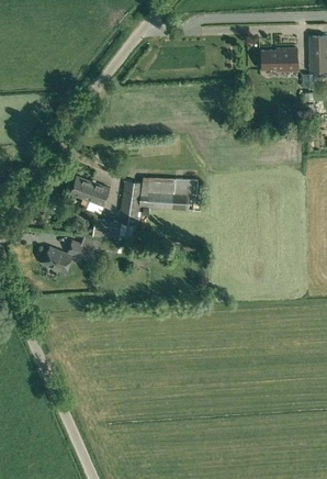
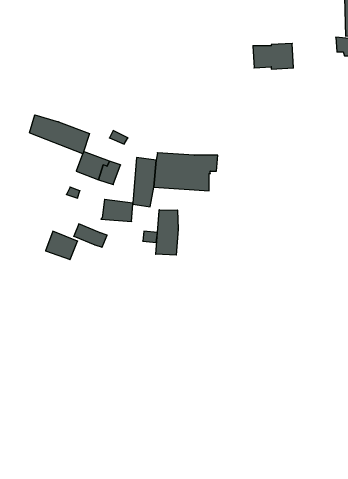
building: [261,48,297,71] -> [253,43,293,69]
building: none -> [29,115,90,154]
building: none -> [156,210,178,255]

